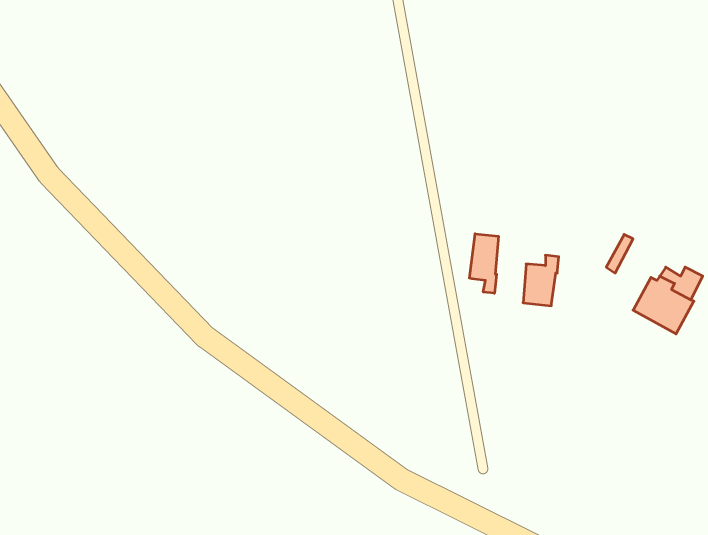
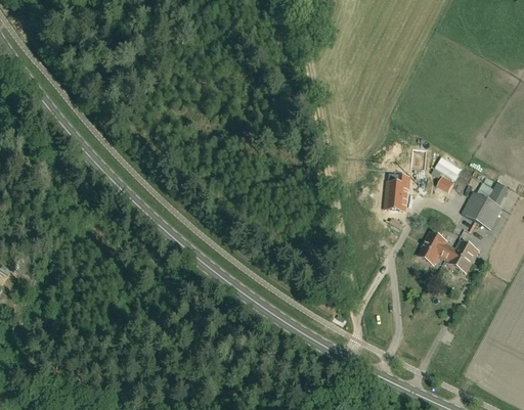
building: [469,234,498,293] -> none
building: none -> [418,233,478,273]

